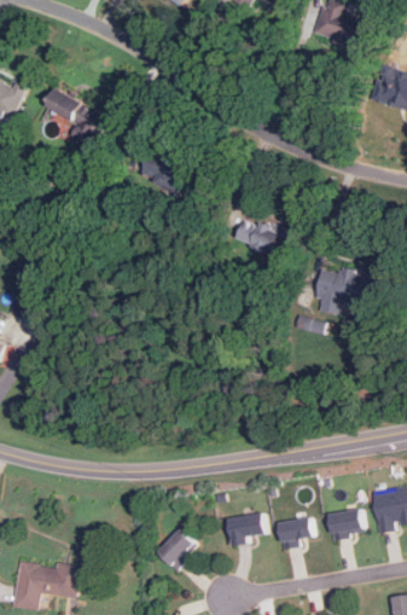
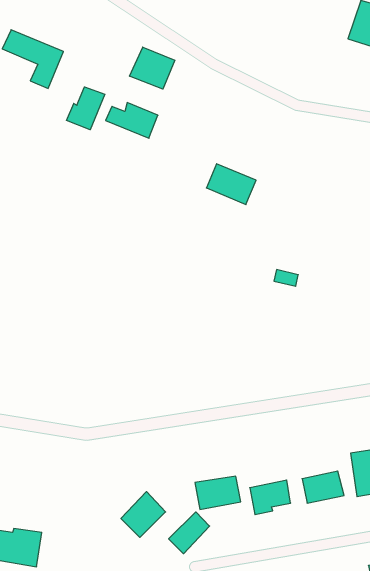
building: none -> [130,47,175,89]
building: none -> [67,87,105,130]
building: [314,265,374,313] -> none
building: none -> [169,512,210,554]

